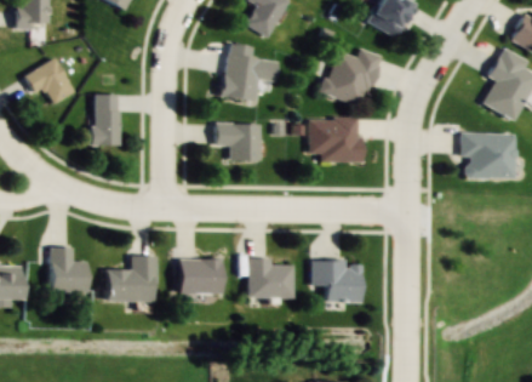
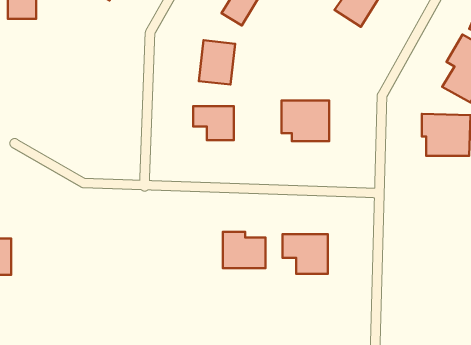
building: [322,49,382,107] -> none
building: [24,58,75,104] -> none
building: [93,95,120,146] -> none
building: [50,247,87,292] -> none
building: [105,256,155,301] -> none
building: [178,260,221,293] -> none

